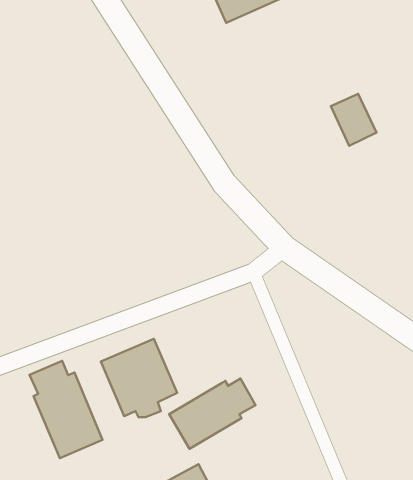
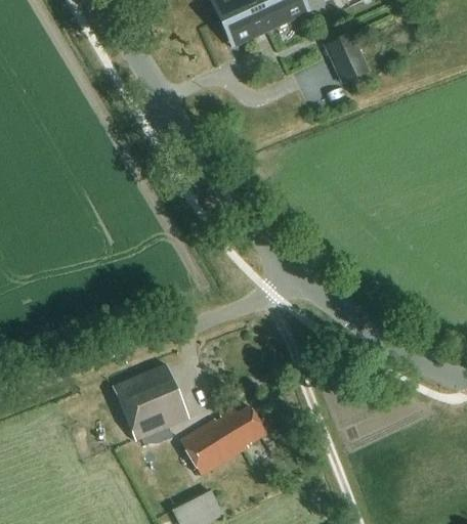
building: [331,94,377,146] -> [323,32,369,84]
building: [30,361,103,458] -> none

